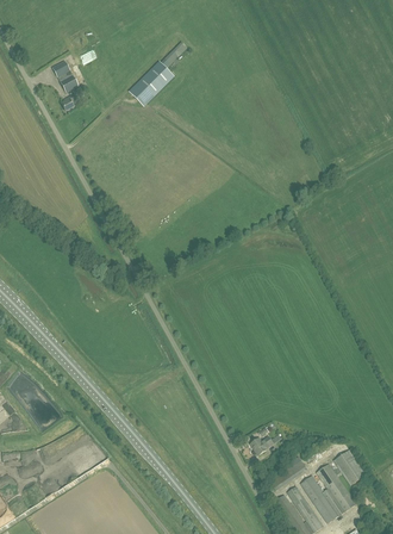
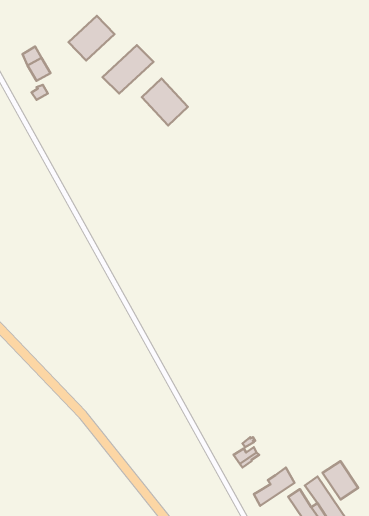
building: none -> [68,16,114,61]
building: none -> [142,79,188,126]

